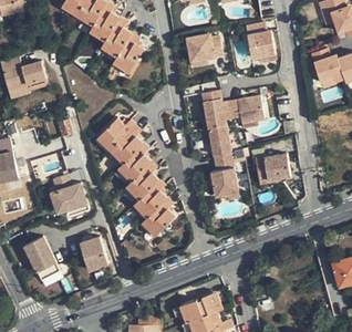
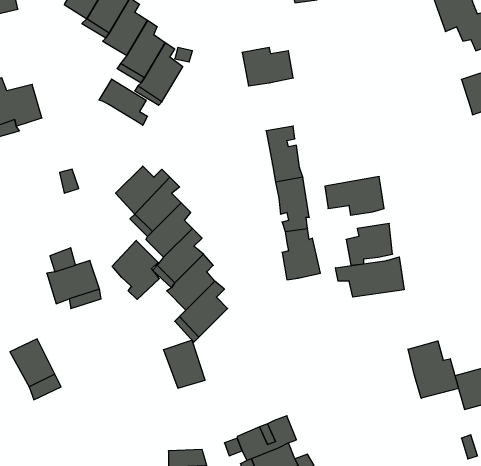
building: [244,24,273,60] -> none
building: [310,50,343,83] -> none
building: none -> [99,79,147,125]
building: [222,97,263,124] -> [325,177,384,215]
building: none -> [112,240,159,299]
building: none -> [336,257,404,297]
building: [79,237,107,270] -> [163,340,205,388]
building: none -> [408,341,458,398]

